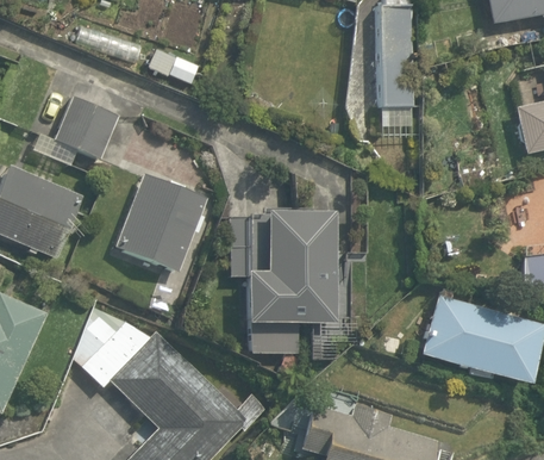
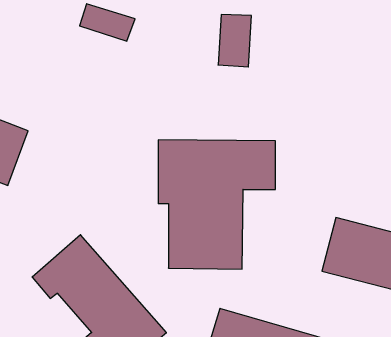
building: [379,44,418,106] -> [218,15,251,67]
building: [52,97,120,158] -> none
building: [119,178,211,274] -> none

